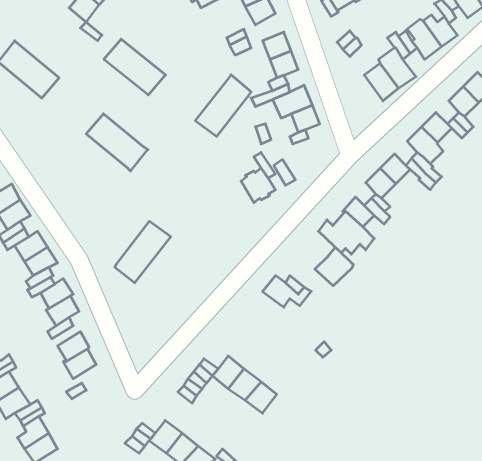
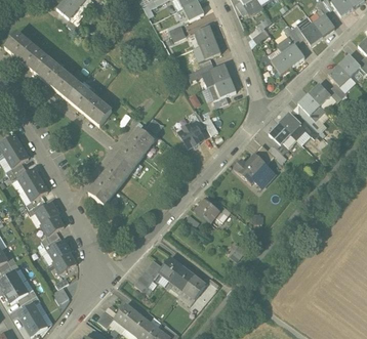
building: [104,39,166,95] -> [36,58,80,98]
building: [195,75,251,136] -> [113,128,153,172]
building: [315,248,353,286] -> none

